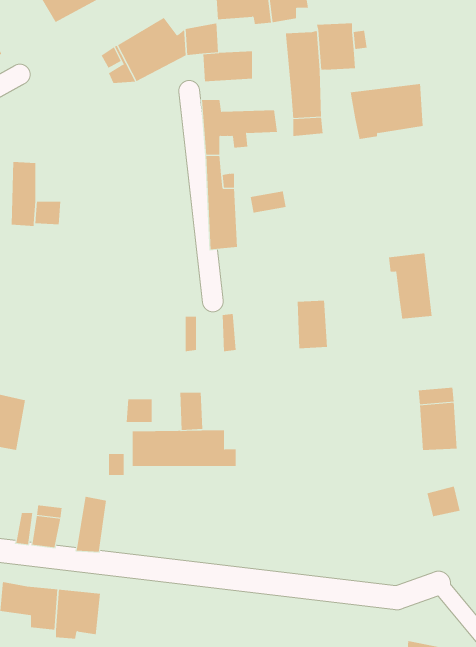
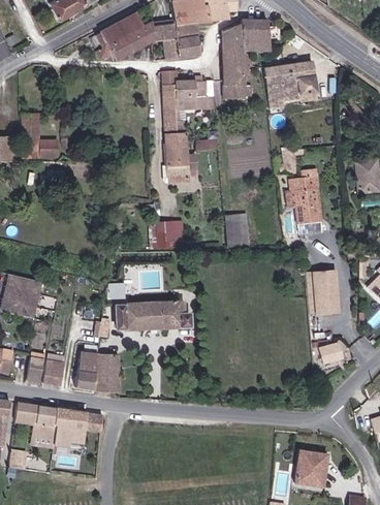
building: none -> [171,12,197,37]
building: [179,392,203,431] -> [159,221,176,248]
building: none -> [89,353,117,389]

